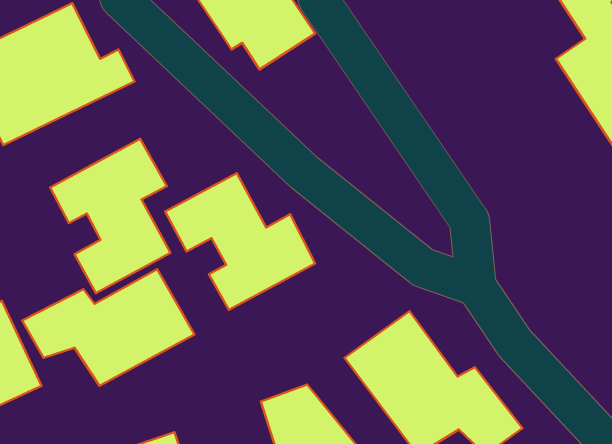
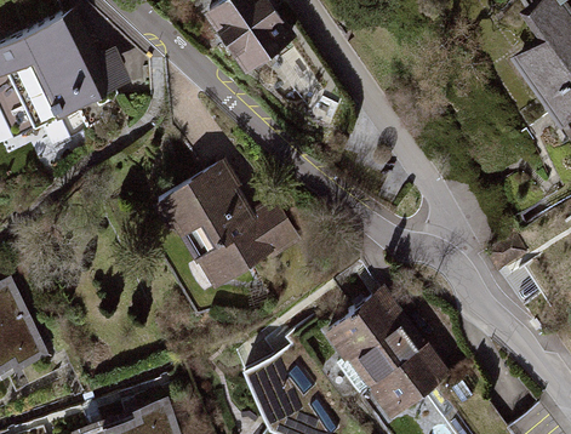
building: [50,139,170,293] -> none
building: [22,269,194,386] -> none

